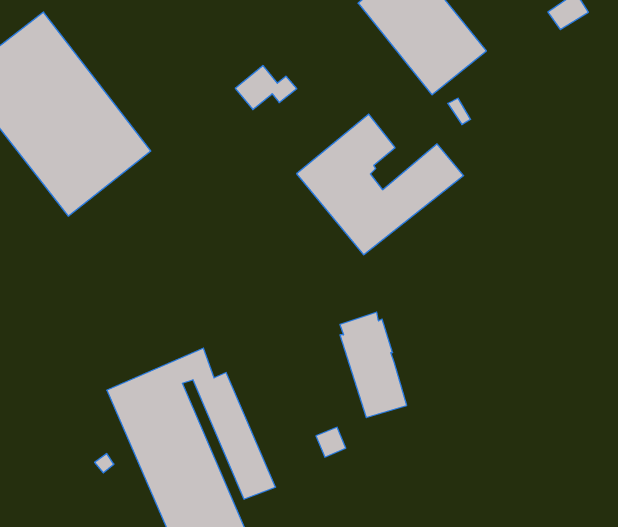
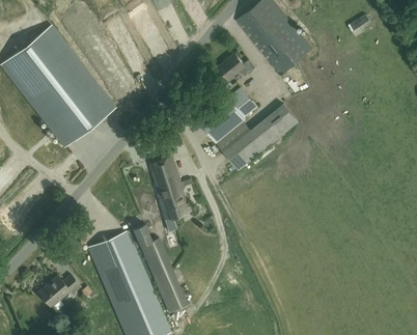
building: [235,66,297,110] -> [219,54,255,80]
building: [340,312,407,418] -> [149,158,189,220]
building: none -> [39,275,81,307]

